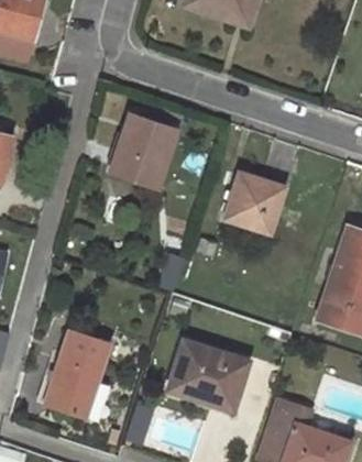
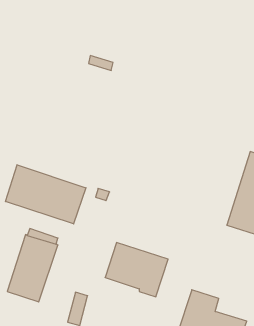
building: [111,116,176,187] -> none
building: [227,174,283,231] -> none
building: none -> [6,165,86,224]

